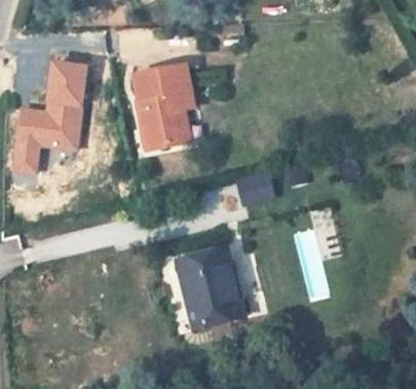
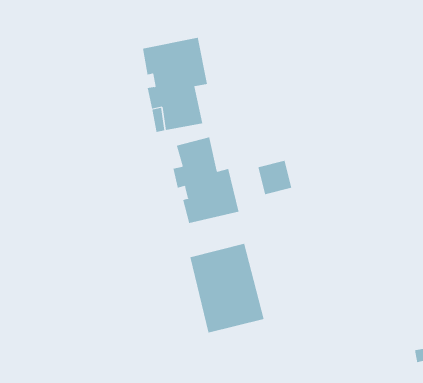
building: [13,61,83,170] -> none
building: none -> [173,136,239,224]

